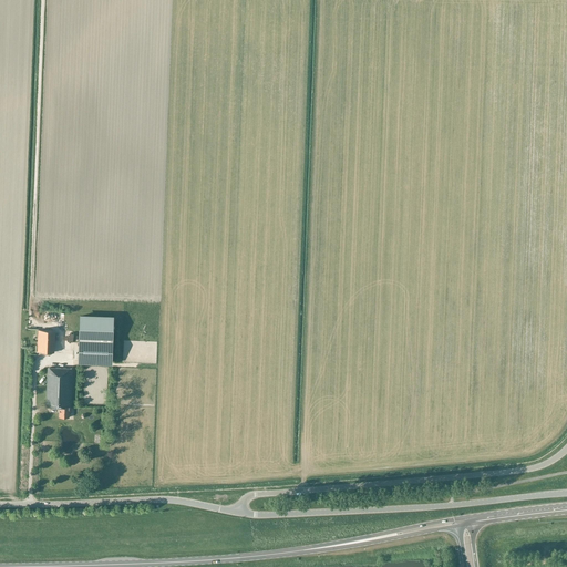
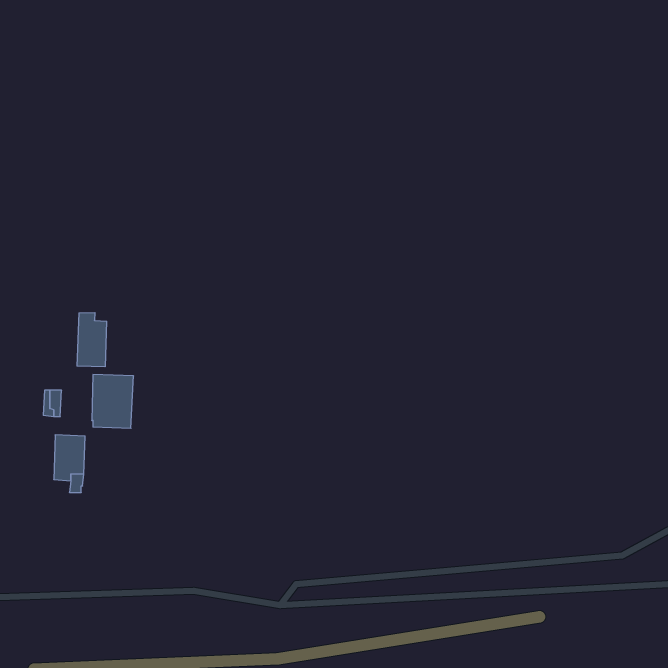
building: none -> [77,313,107,367]

